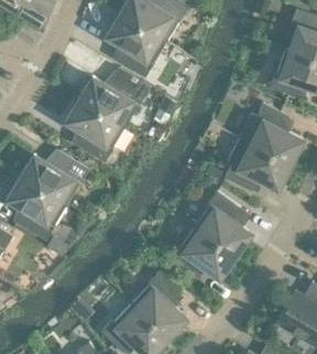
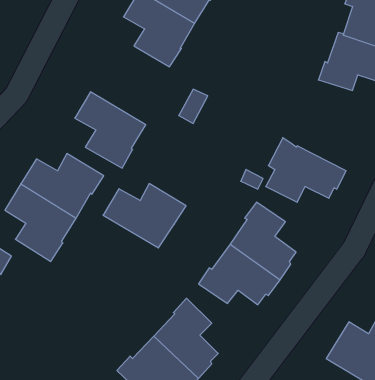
building: [78,72,147,126] -> [103,184,186,248]
building: [245,103,302,164] -> none

